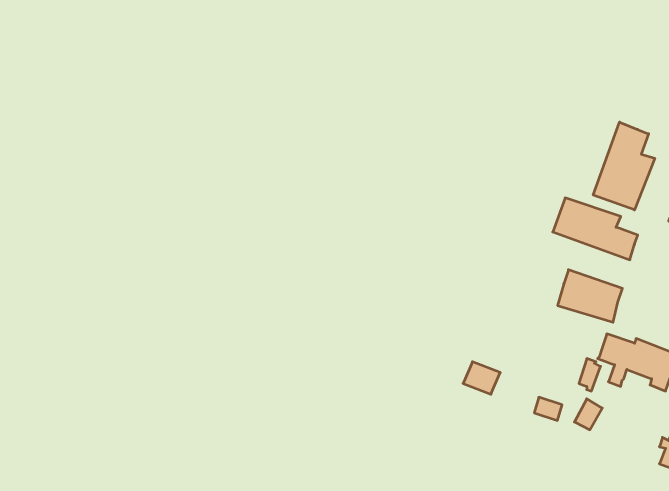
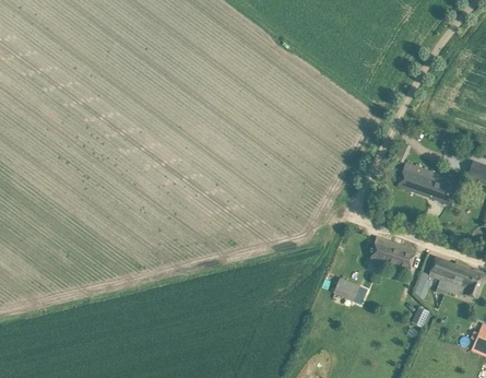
building: [593,122,655,210] -> none
building: [558,270,622,322] -> [369,237,415,274]

